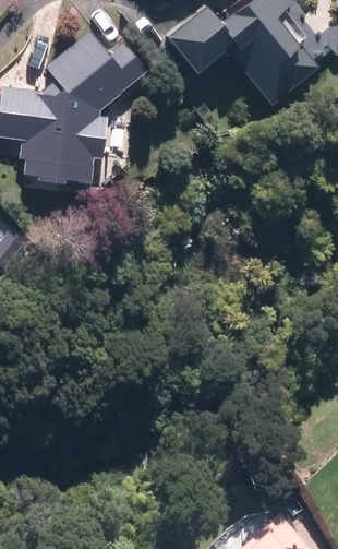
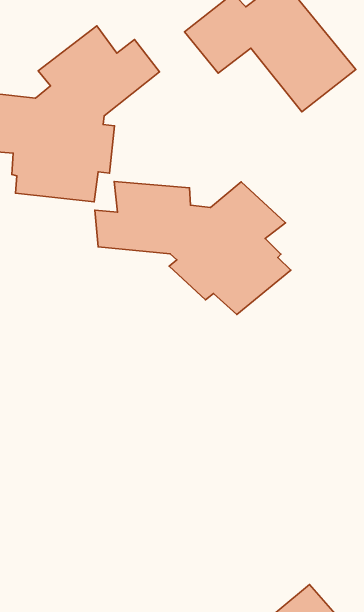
building: none -> [95,182,291,315]

